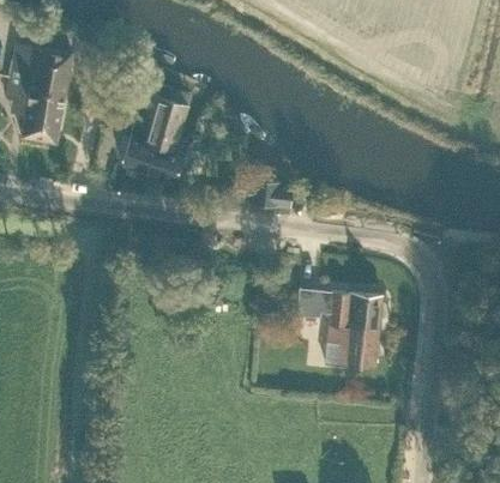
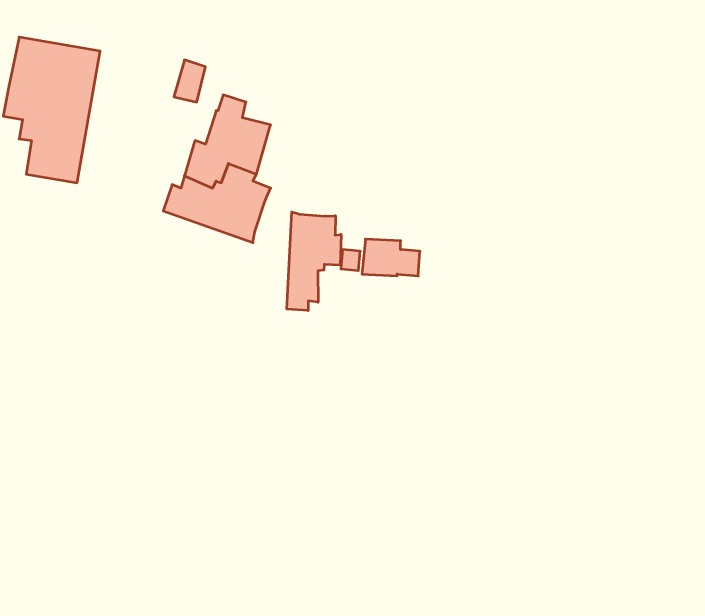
building: none -> [287,212,341,311]
building: [297,289,384,369] -> none

